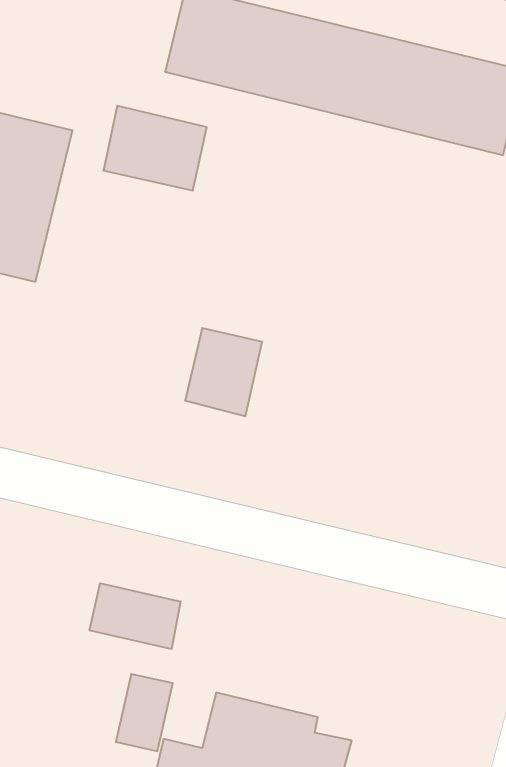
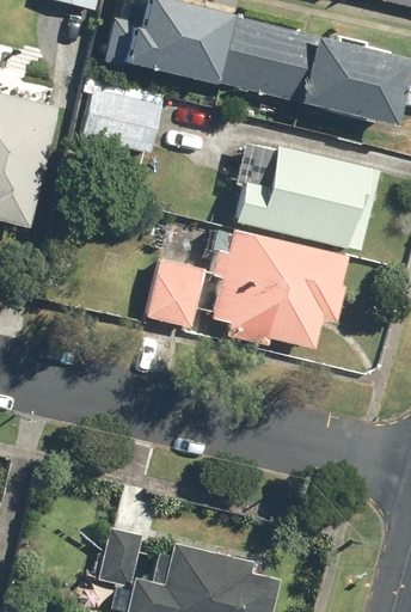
building: none -> [235,143,370,249]
building: none -> [211,230,348,349]
building: [90,583,181,649] -> none

